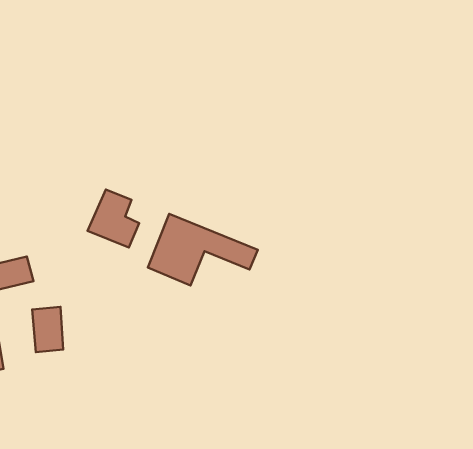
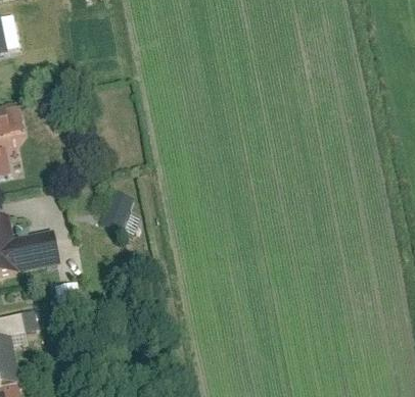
building: [148,214,258,285] -> none

